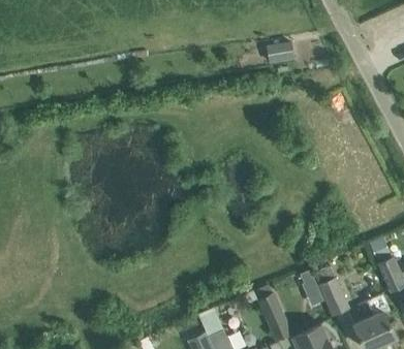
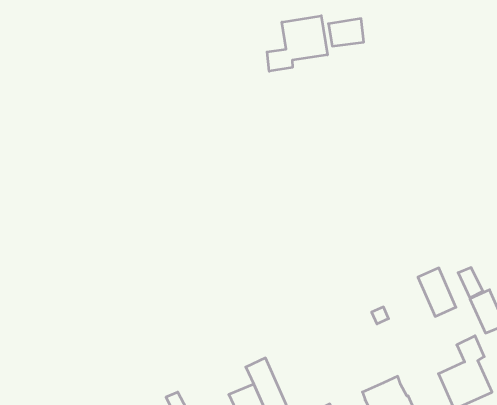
building: none -> [267,16,327,71]
building: [318,277,348,315] -> [418,268,456,316]
building: [256,290,292,339] -> none

